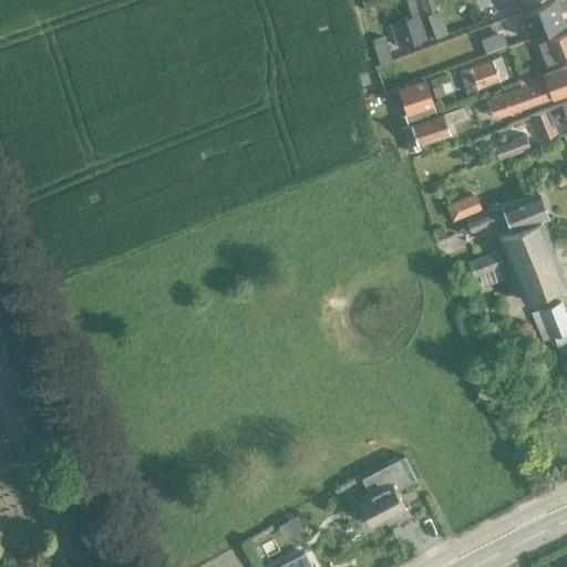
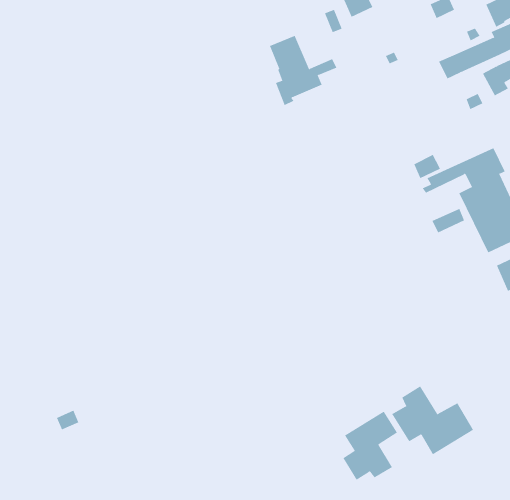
building: [461,58,508,92] -> none
building: [399,81,467,153] -> [269,35,337,106]
building: none -> [392,385,474,455]

